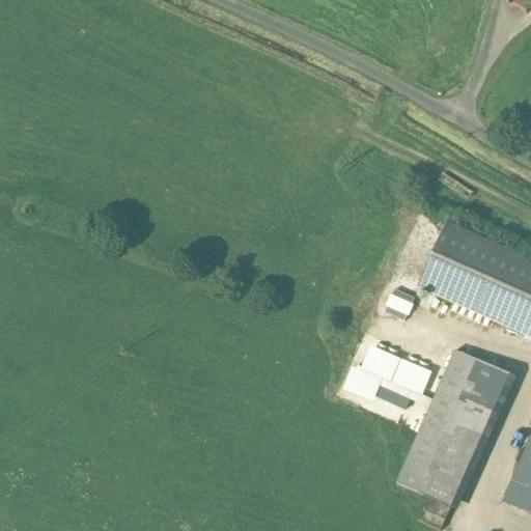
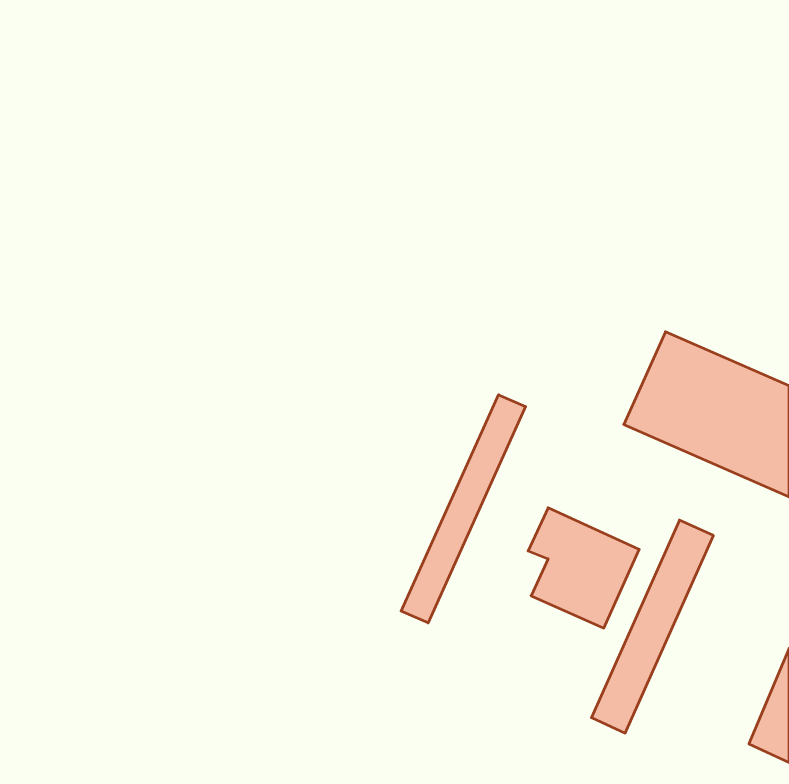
building: none -> [401,395,526,623]
building: [420,360,509,506] -> none

